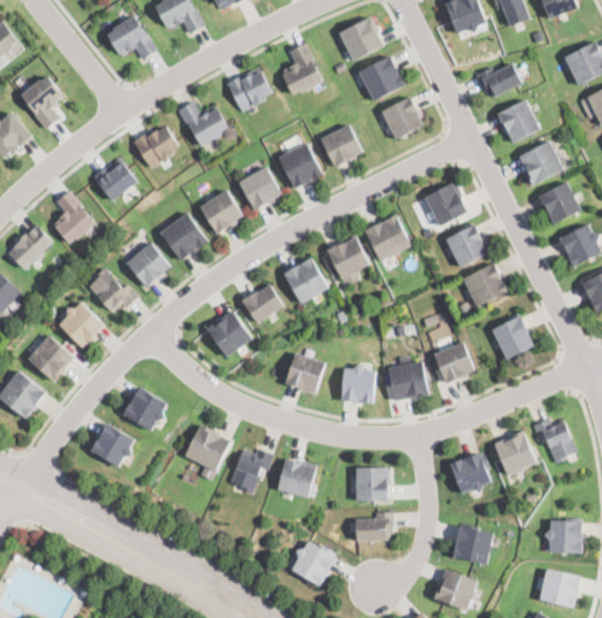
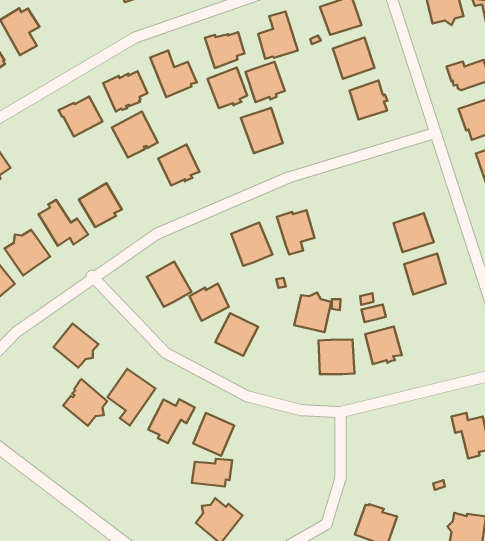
building: [320,124,362,168] -> [246,62,285,102]
building: [238,167,280,210] -> [208,68,247,108]
building: [423,182,467,226] -> none
building: [53,187,94,240] -> none
building: [159,211,208,260] -> [112,111,158,157]
building: [363,215,410,262] -> none
building: [241,285,282,325] -> [189,283,229,321]
building: [491,316,532,360] -> none
building: [340,365,374,403] -> [294,293,331,332]
building: [89,422,133,468] -> [63,379,107,426]
building: [493,431,536,476] -> none
building: [449,451,490,495] -> none
building: [355,468,388,502] -> none
building: [355,513,392,542] -> [192,459,232,487]

